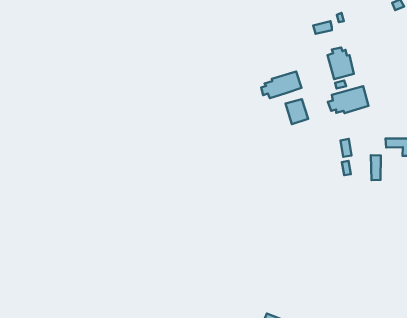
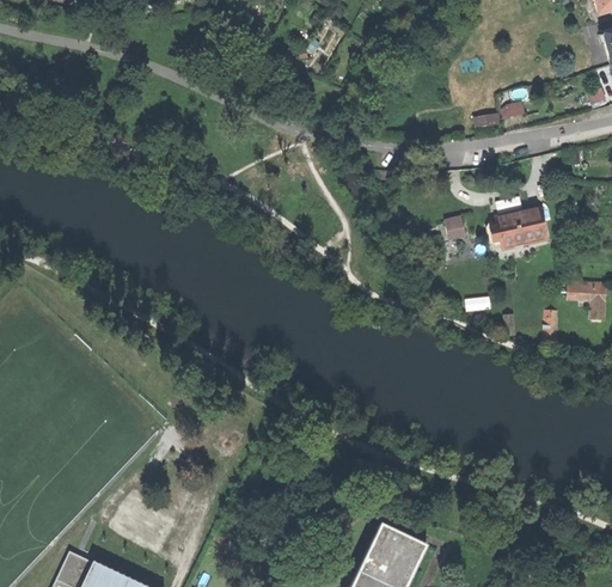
building: [328,48,354,79] -> none
building: [261,72,302,98] -> none

